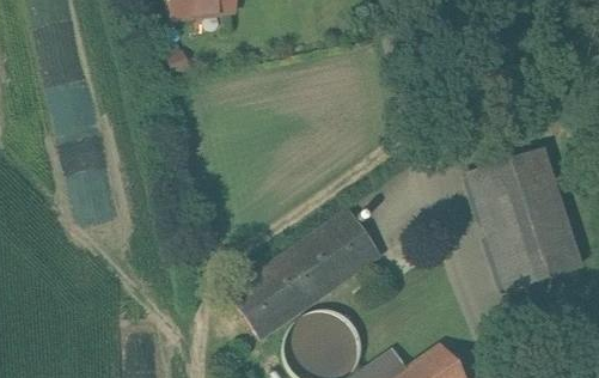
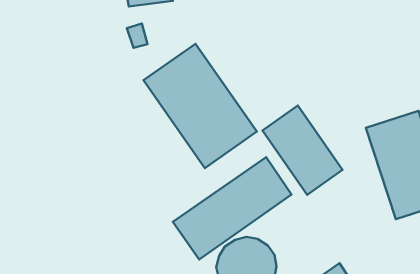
building: none -> [144,44,257,168]
building: none -> [263,106,343,195]

